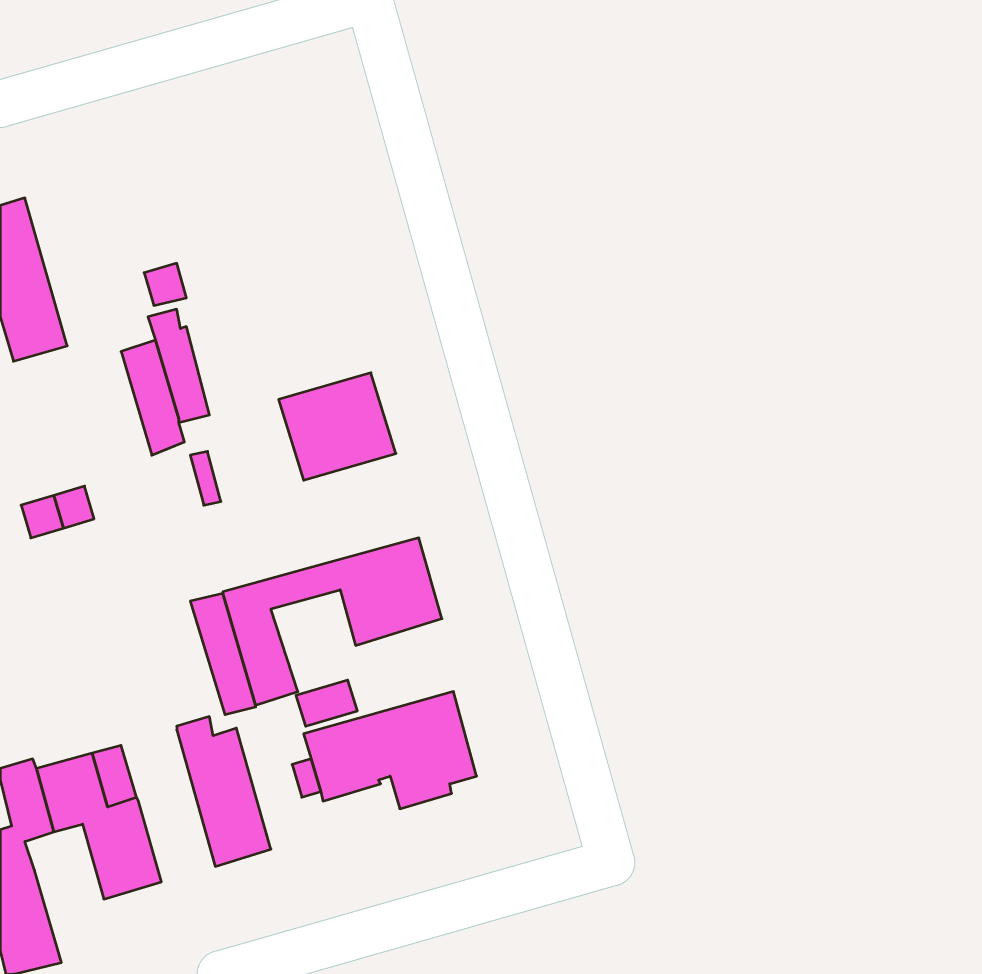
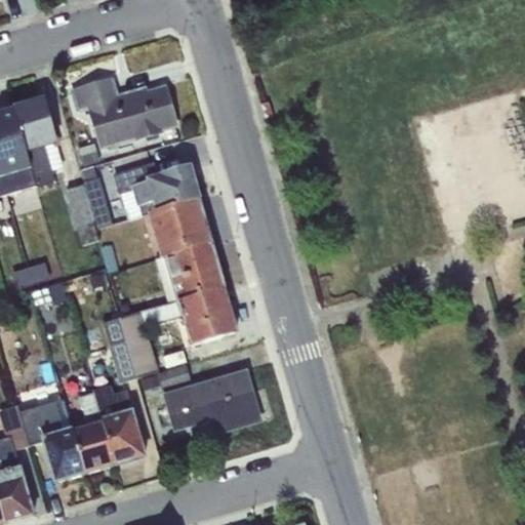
building: none -> [72,78,175,148]
building: none -> [13,97,63,185]
building: none -> [113,160,198,219]
building: none -> [155,242,224,302]
building: none -> [74,390,115,471]

